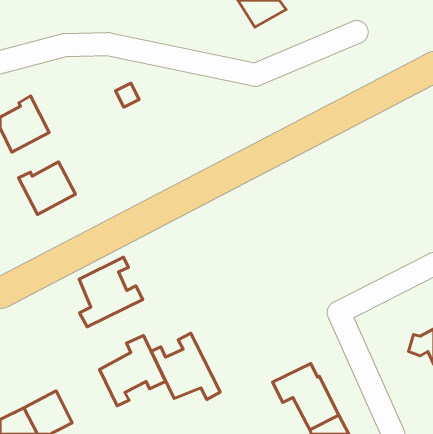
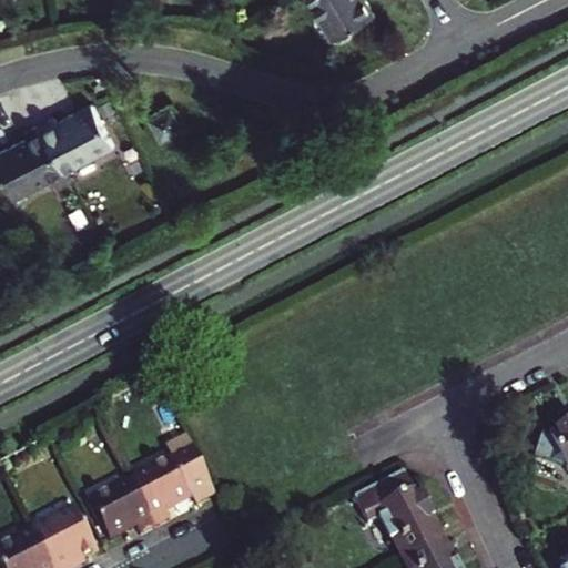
building: [19,162,76,215] -> [41,104,115,173]
building: [79,257,143,327] -> none
building: [151,333,220,400] -> none
building: none -> [90,483,154,540]

